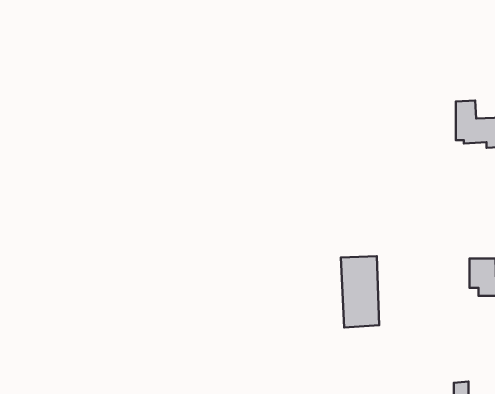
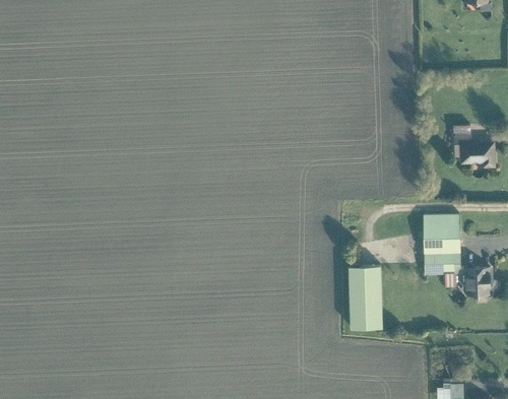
building: none -> [422,212,461,272]

